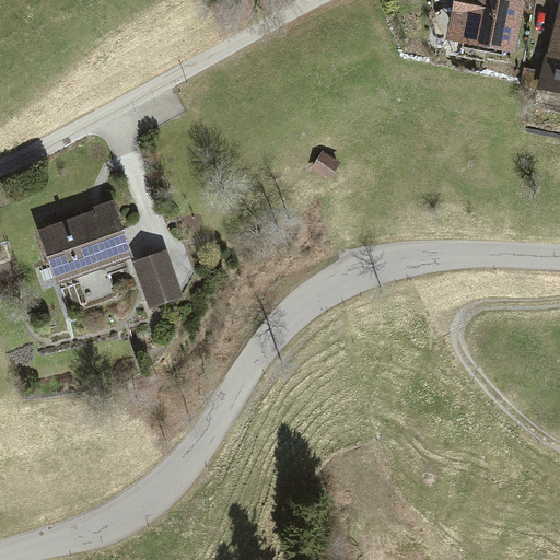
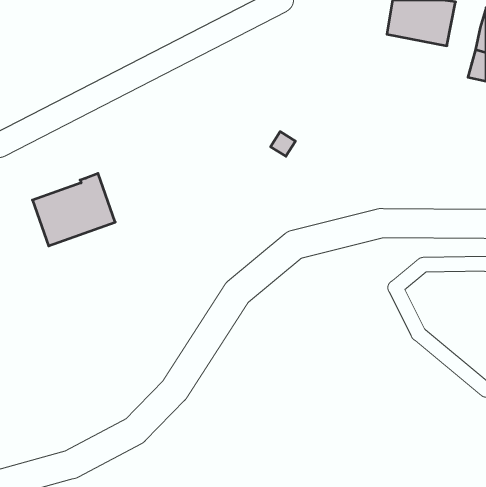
building: [131,248,184,307] -> none

